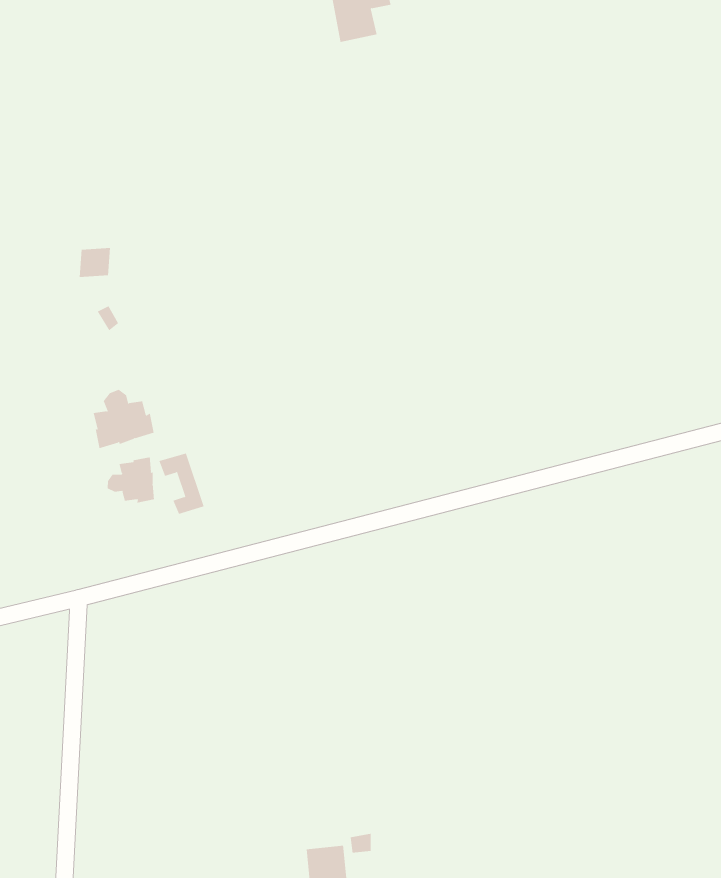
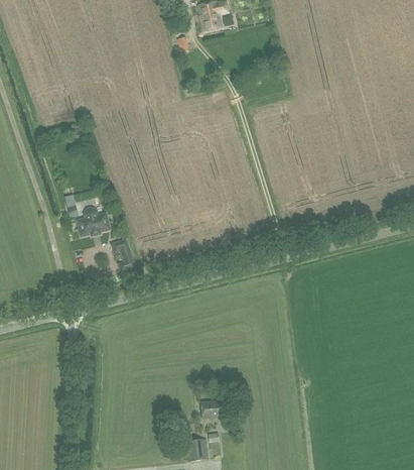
building: [107,456,154,503] -> none
building: none -> [201,398,226,417]

